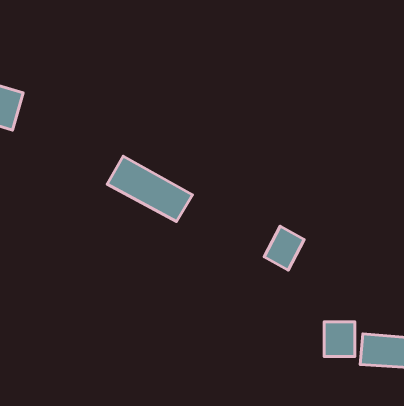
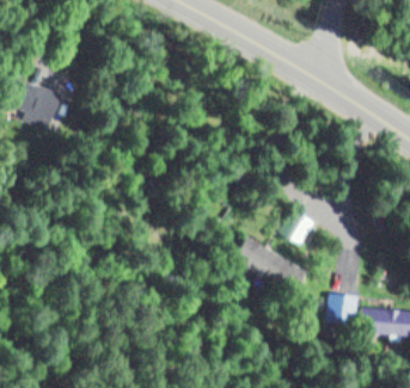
building: [107,156,192,222] -> [231,236,307,295]

